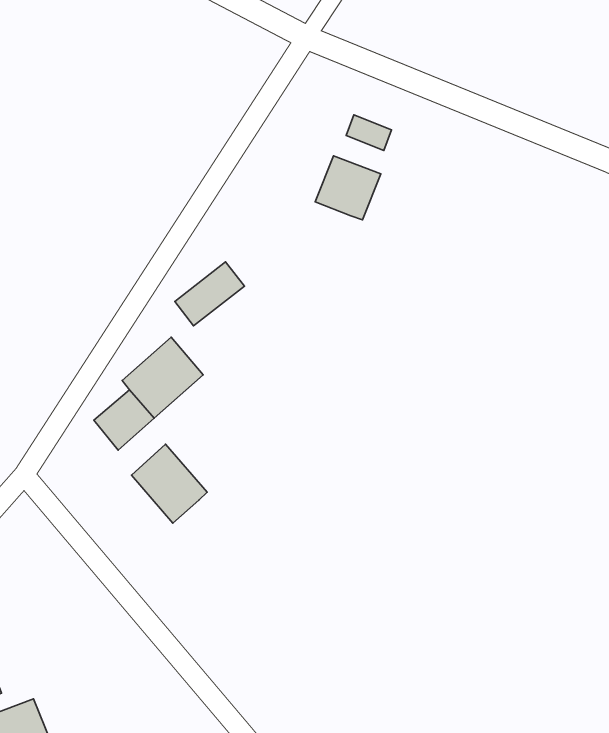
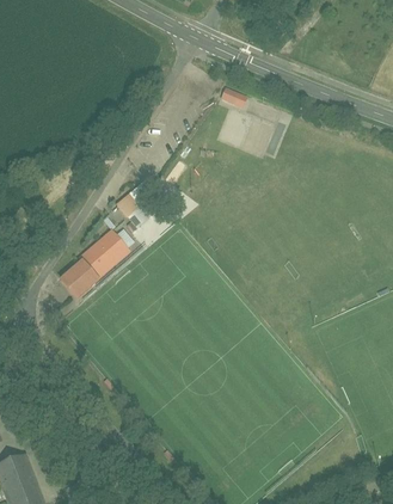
building: [315,156,381,220] -> none
building: [131,444,207,523] -> none

